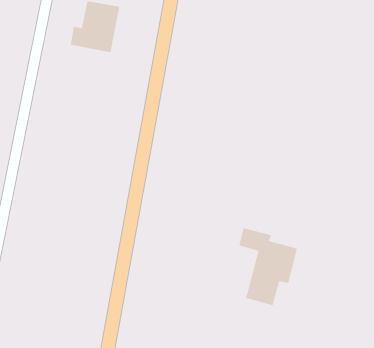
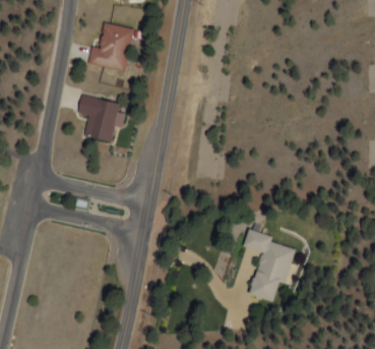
building: none -> [79,95,121,142]

